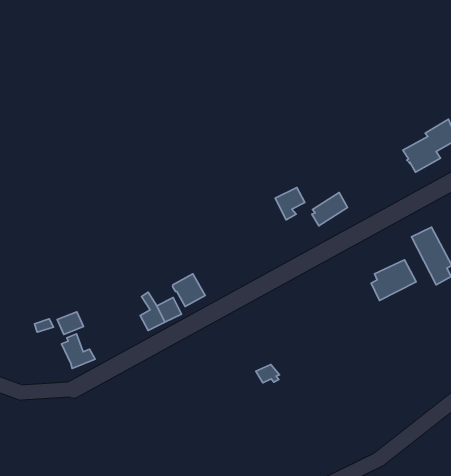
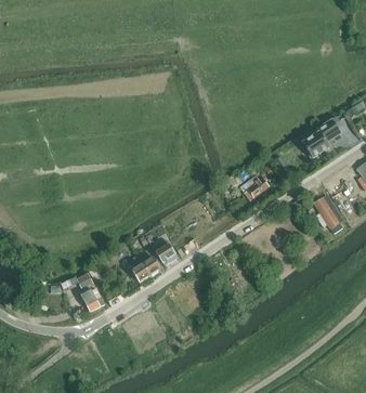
building: [371,260,416,301] -> none

